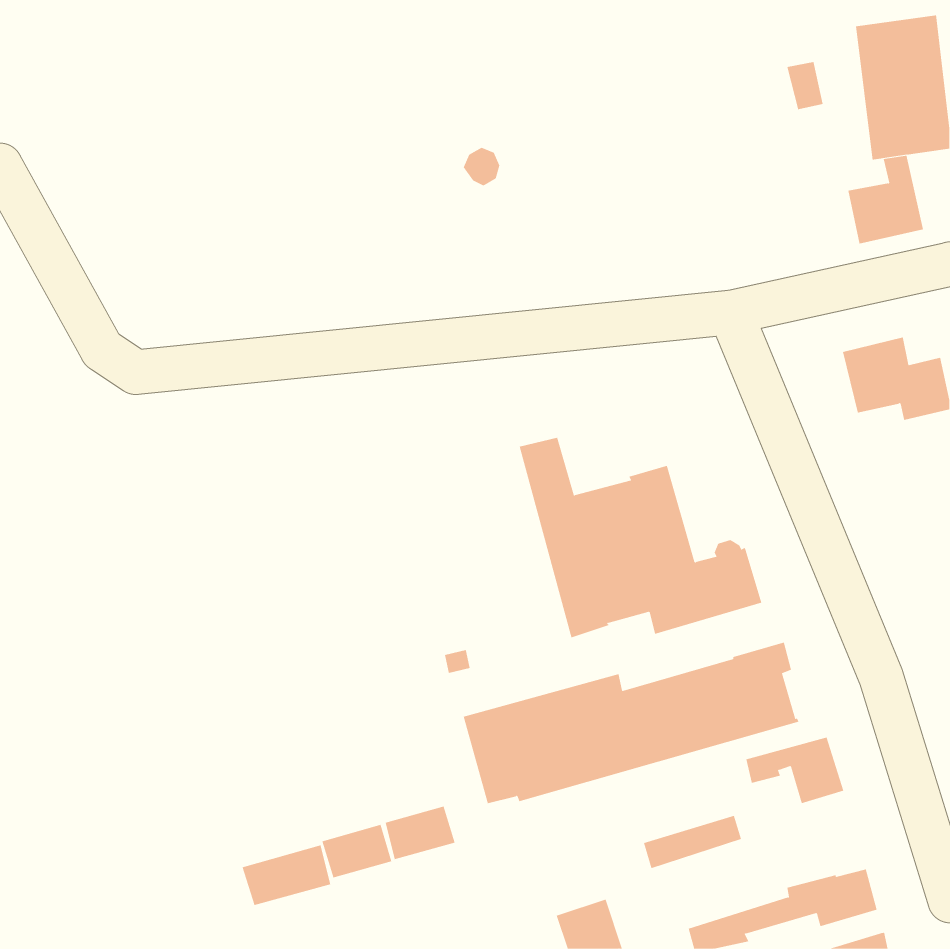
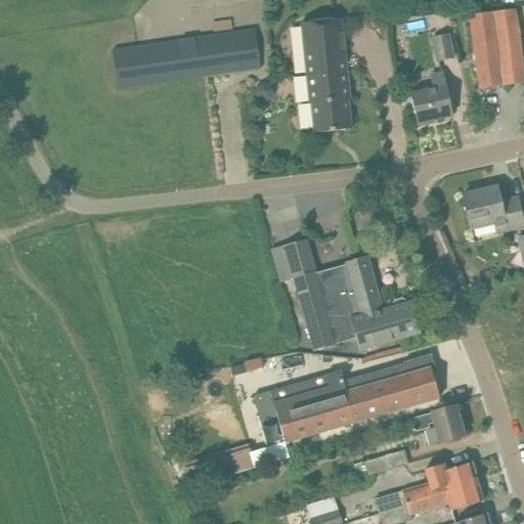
building: none -> [301,17,352,132]
building: none -> [114,29,261,88]
building: [848,155,924,244] -> [411,73,453,122]
building: none -> [376,462,477,511]
building: [242,845,331,906] -> none

